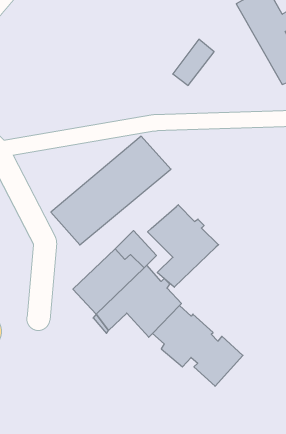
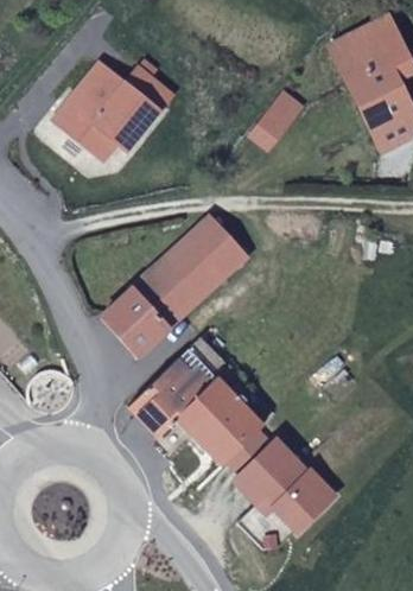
building: none -> [49,64,164,160]
building: [148,205,219,287] -> none

